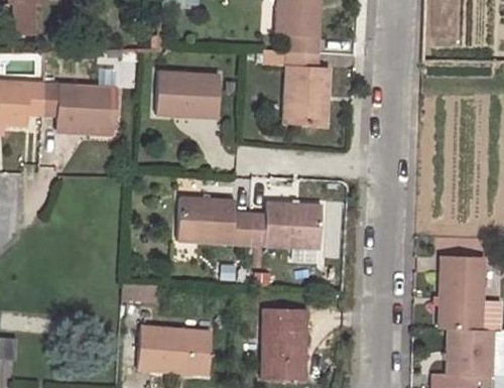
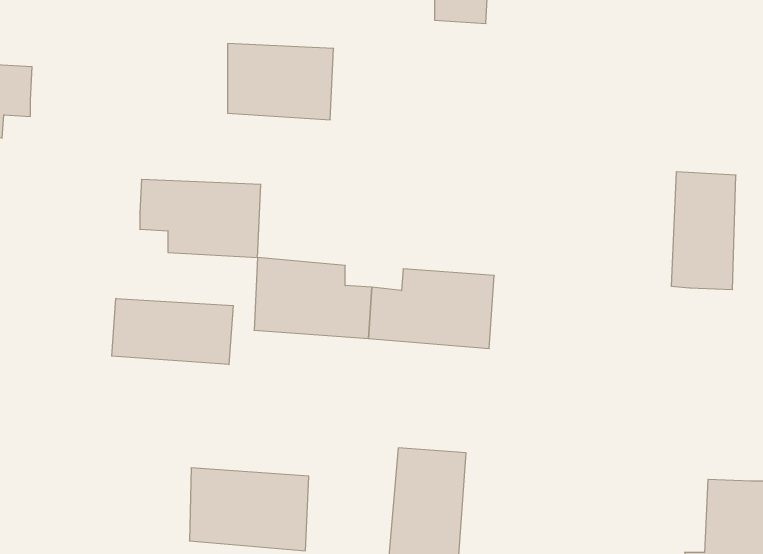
building: [284,52,329,122] -> none
building: [41,81,115,128] -> [140,179,261,257]
building: none -> [112,298,233,365]
building: [443,261,482,333] -> [671,172,736,289]

